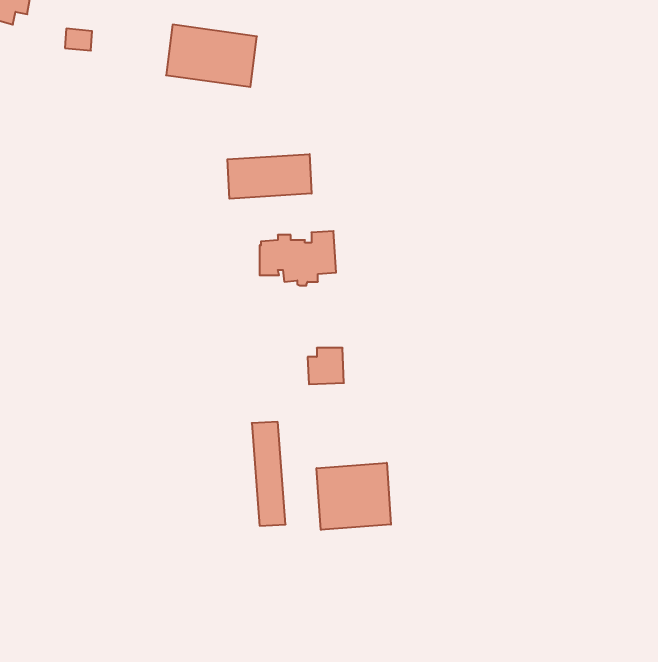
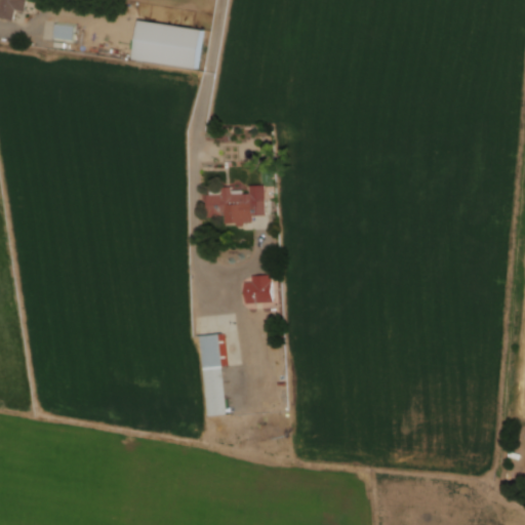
building: [227,154,312,199] -> none
building: [317,463,391,530] -> none

